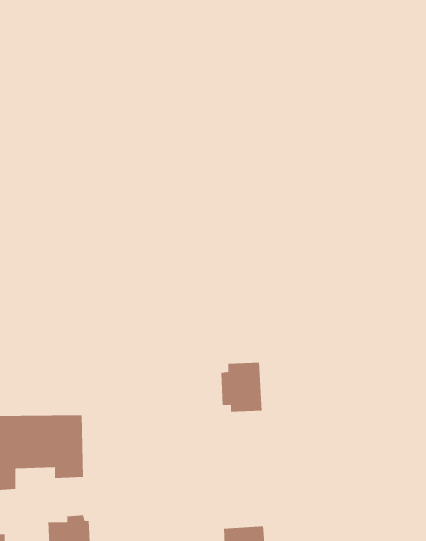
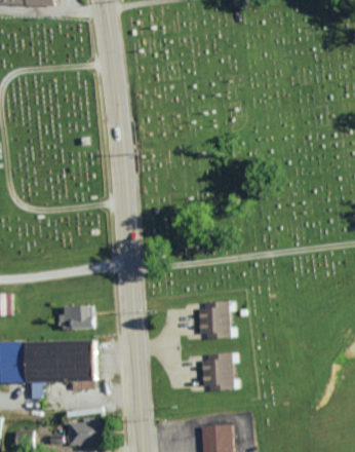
building: none -> [57,306,92,331]
building: none -> [201,353,234,392]

